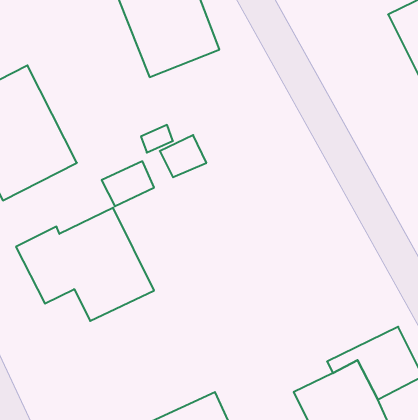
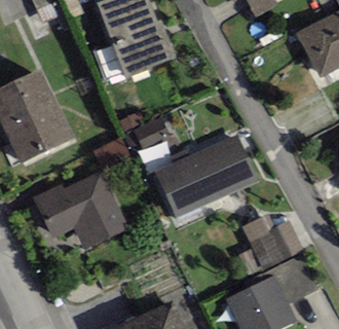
building: none -> [154,134,258,218]
building: none -> [240,214,303,268]

